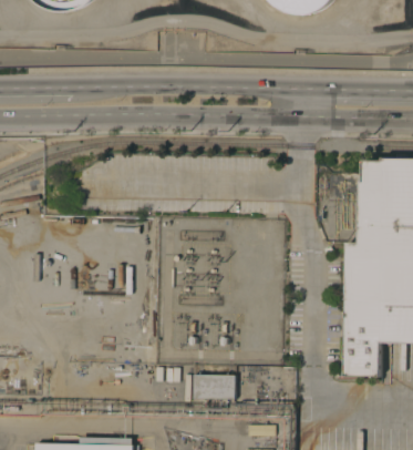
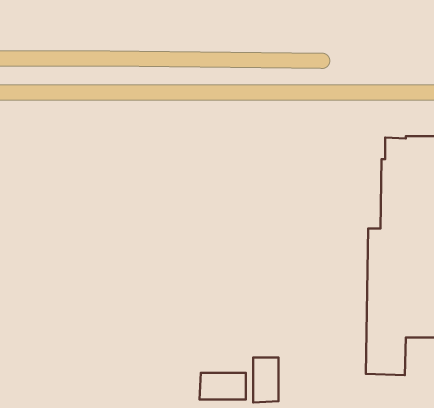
building: none -> [253,357,278,402]

